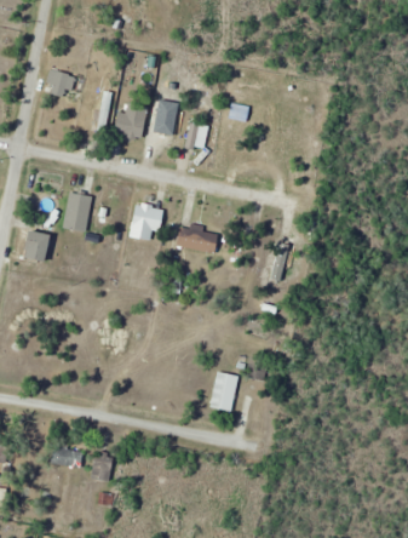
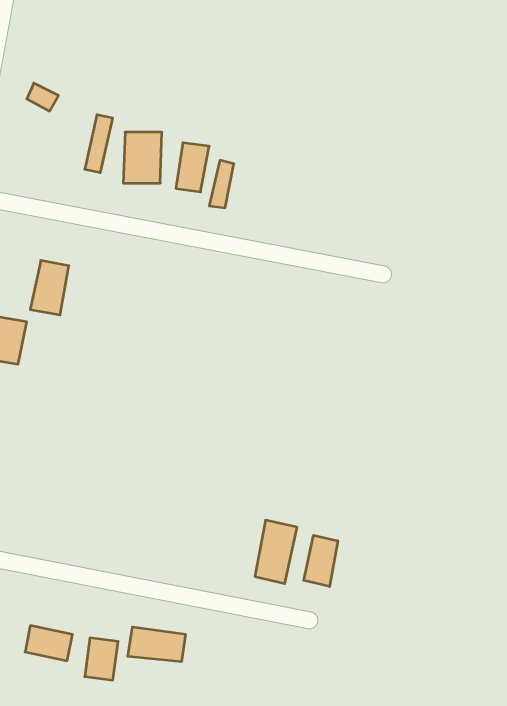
building: [128,202,163,241] -> none
building: [179,228,218,250] -> none
building: none -> [304,535,338,587]
building: none -> [128,627,185,662]

